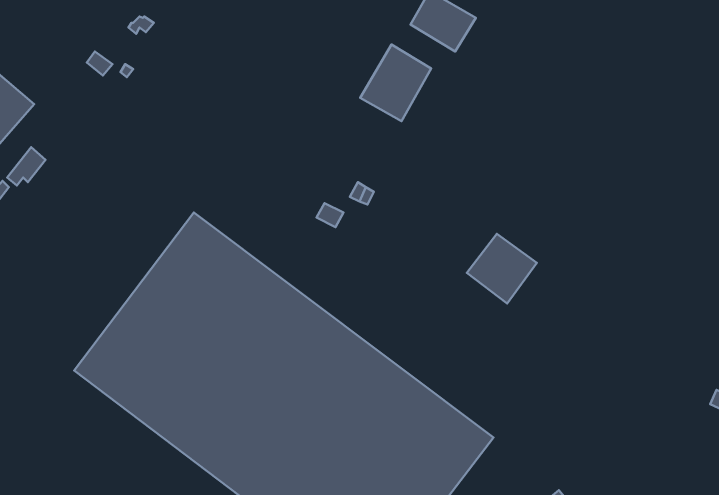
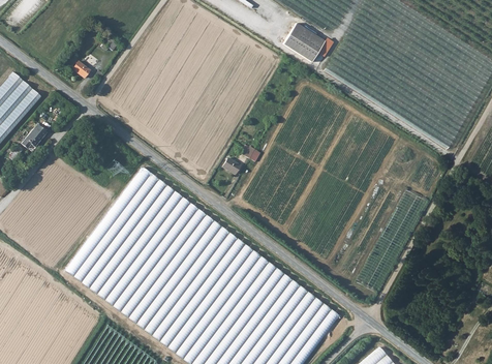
building: [360,44,431,121] -> none
building: [467,234,537,303] -> none

